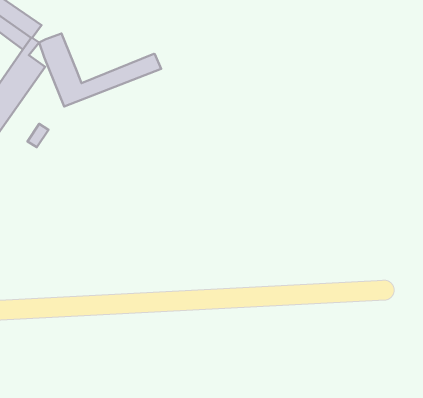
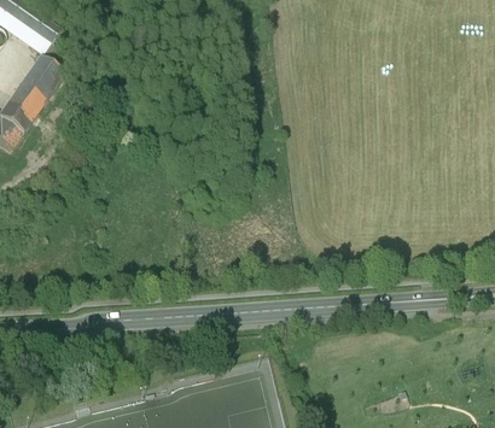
building: [39,34,161,107] -> none

